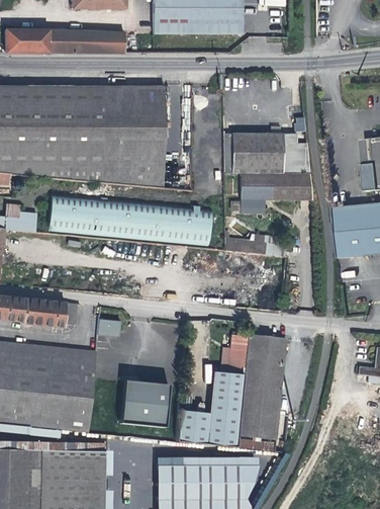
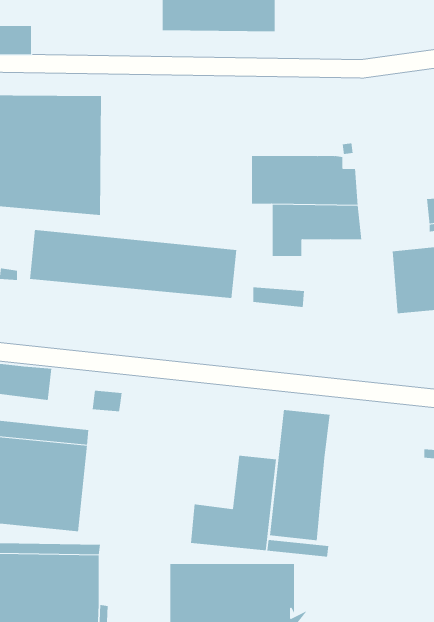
building: [51,30,125,54] -> none
building: [105,86,165,189] -> none
building: [229,335,250,371] -> none
building: [121,378,170,426] -> none

